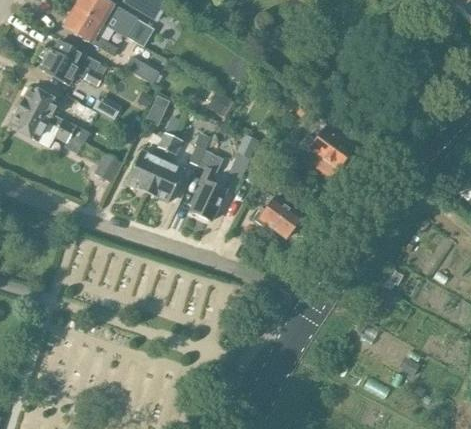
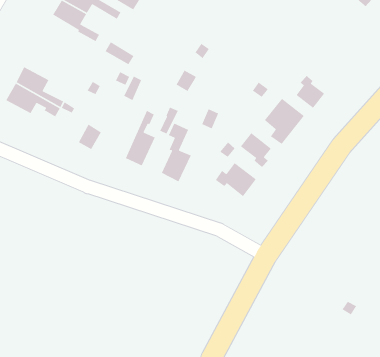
building: [39,38,103,85] -> none
building: none -> [295,75,325,109]
building: [126,132,173,192] -> none
building: none -> [240,132,272,168]

